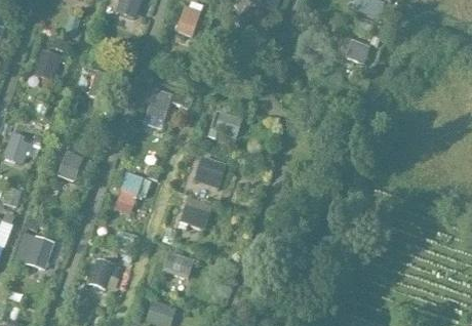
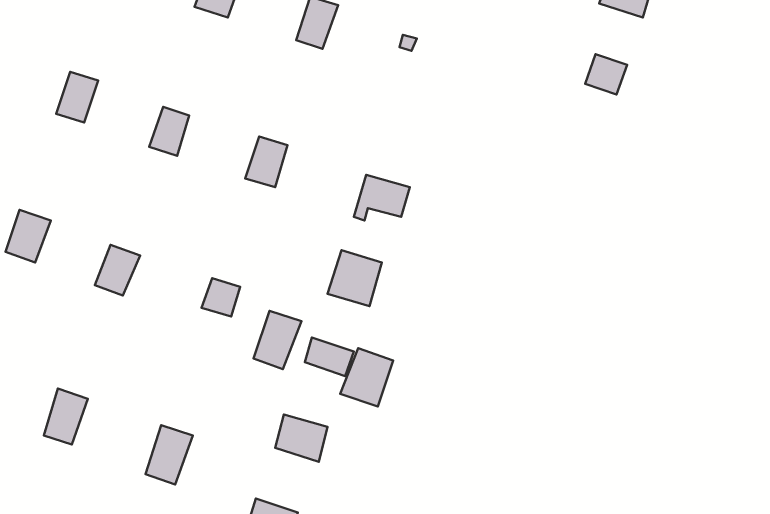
building: none -> [254,311,301,369]
building: none -> [340,348,393,406]

